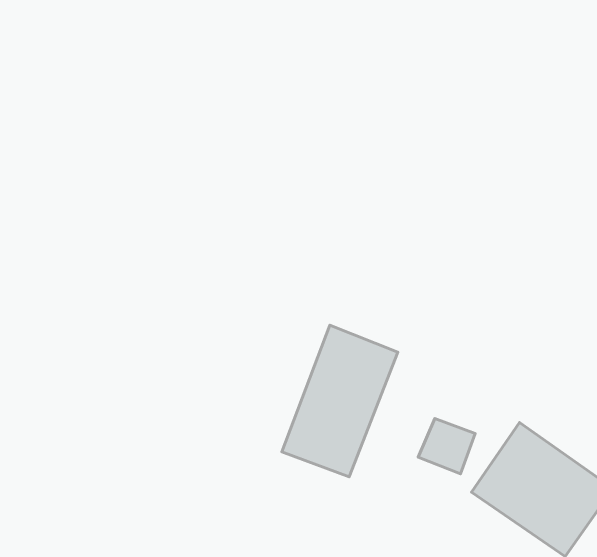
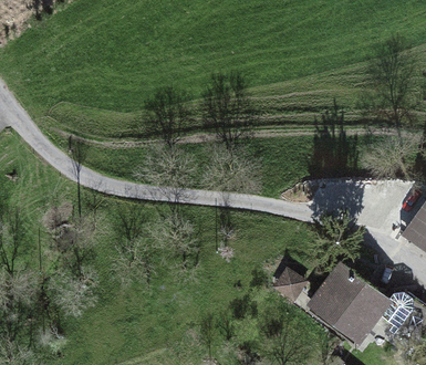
building: [282,325,398,477] -> none

